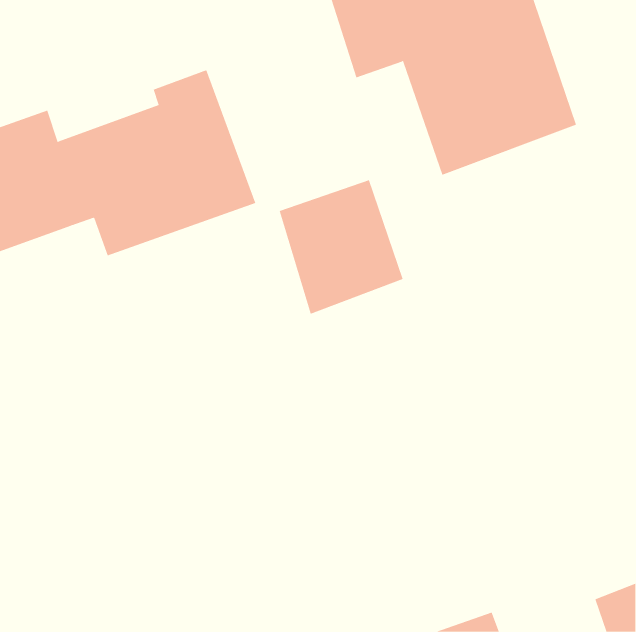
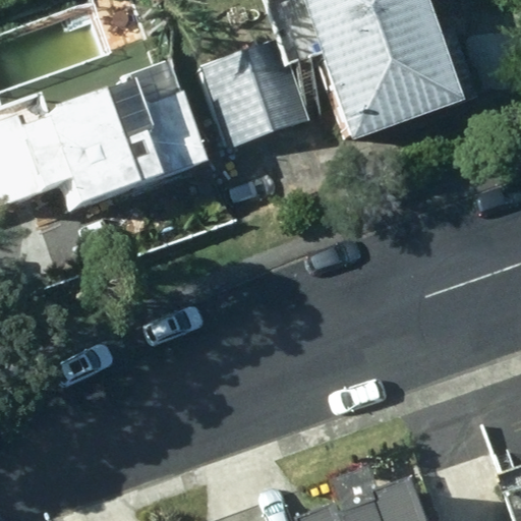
building: [279,179,404,314] -> [198,36,299,144]

